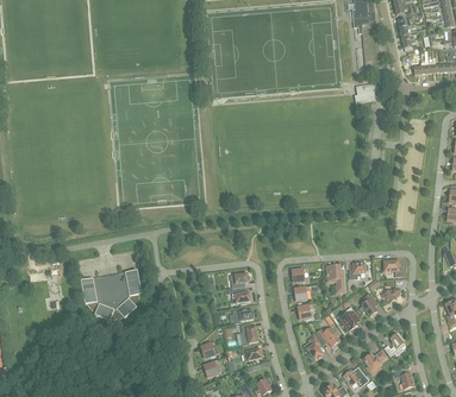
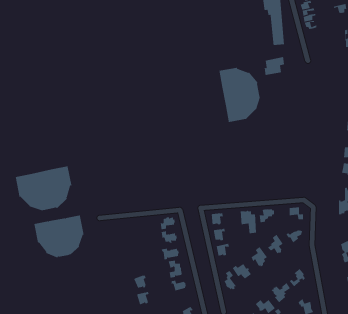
building: none -> [219,67,260,123]
building: none -> [15,165,72,211]

